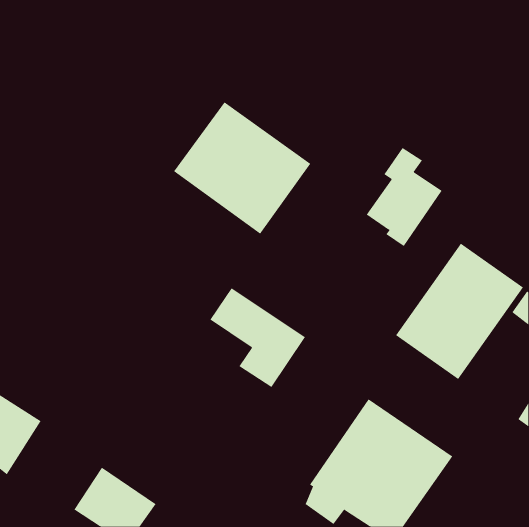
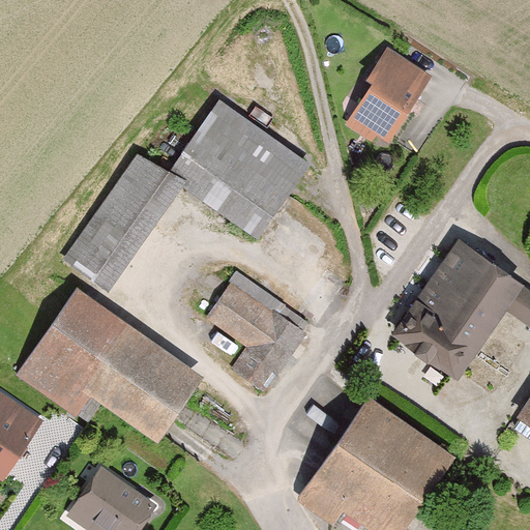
building: [366,147,443,247] -> [348,43,424,143]
building: none -> [64,158,183,290]
building: none -> [17,290,200,438]

